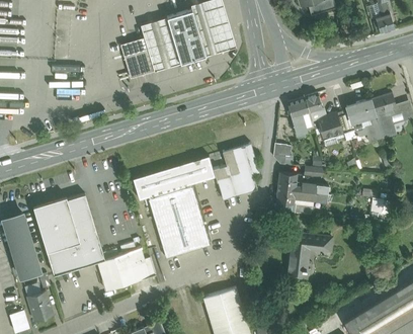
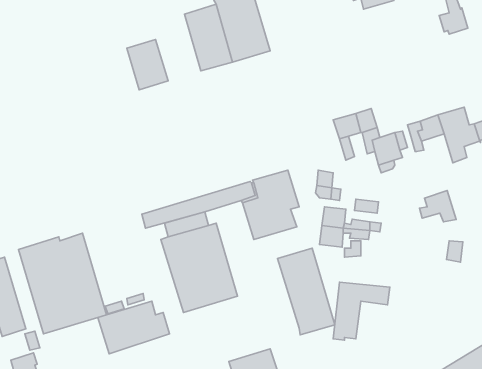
building: [141,18,180,72] -> none
building: [353,114,383,140] -> [420,191,456,222]
building: none -> [278,248,335,335]

